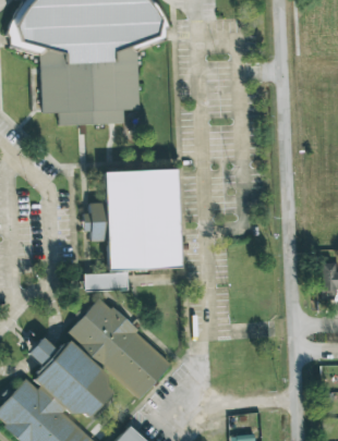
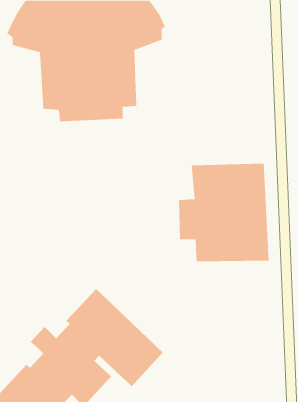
building: [85,166,180,268] -> [178,163,270,262]
building: [81,273,128,292] -> none

